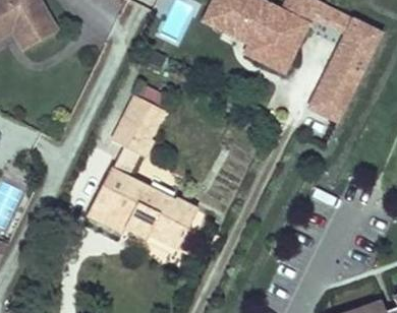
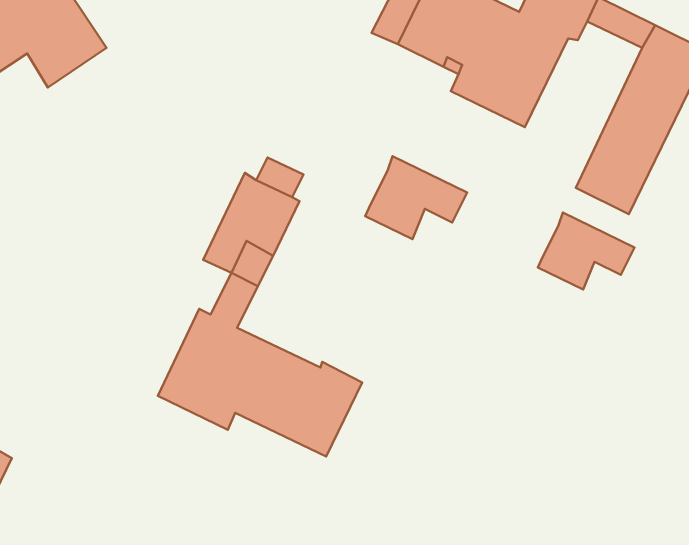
building: none -> [365,156,467,239]
building: none -> [538,213,634,289]

